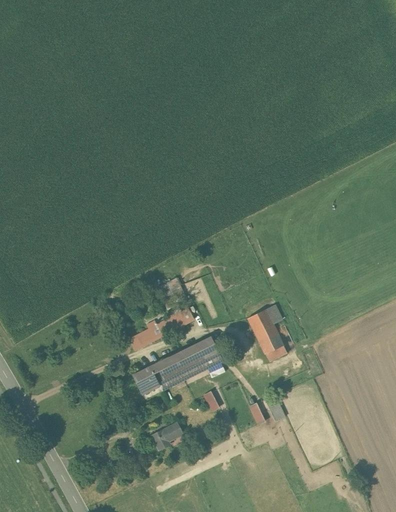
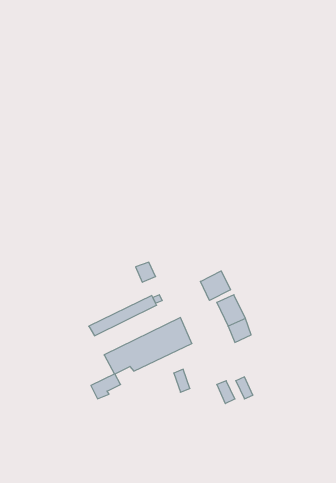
building: none -> [200,271,230,300]
building: [150,423,181,449] -> [91,374,121,399]

